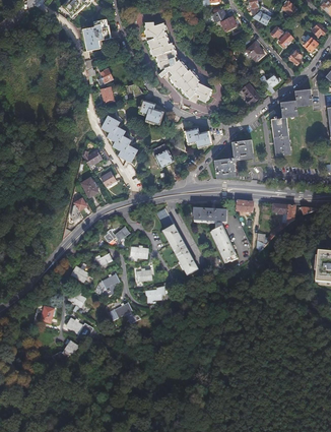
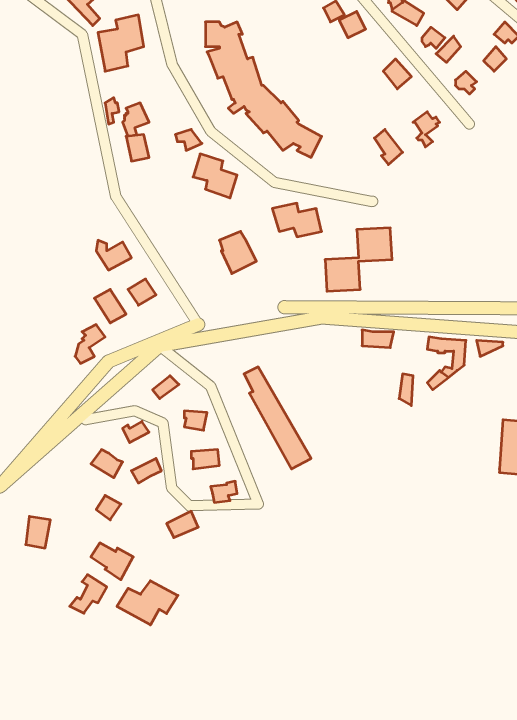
building: [269,90,310,155] -> none
building: [102,115,138,160] -> none
building: [193,208,240,262] -> none
building: none -> [117,581,178,625]

